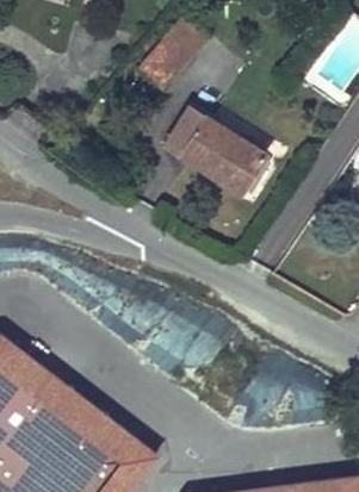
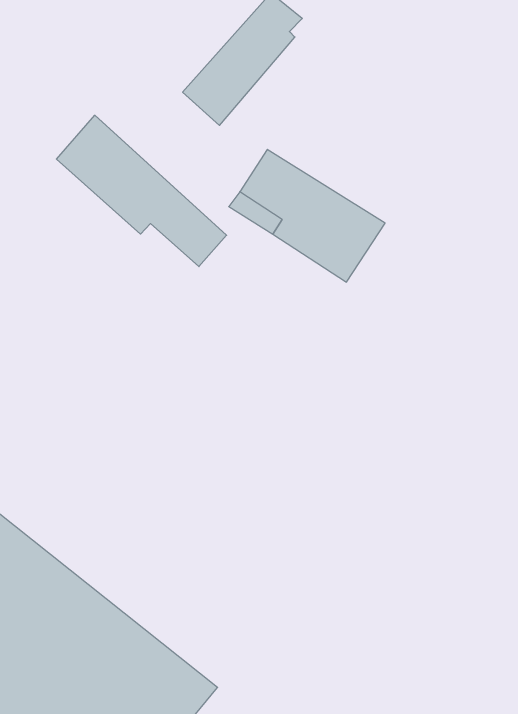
building: none -> [56,115,227,267]

